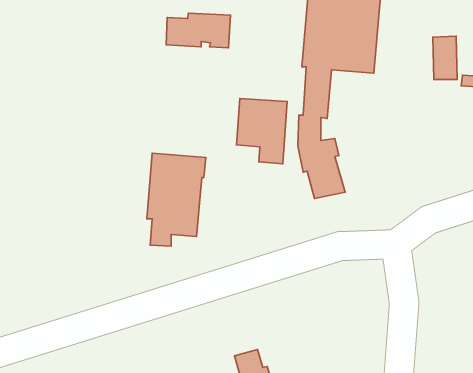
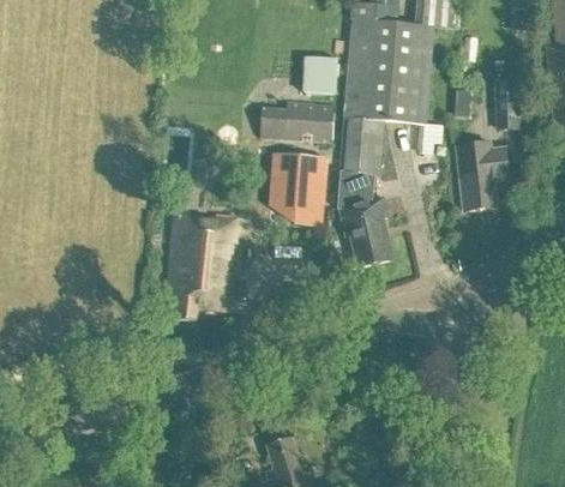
building: [166,13,231,48] -> [260,102,333,142]
building: none -> [303,56,336,94]
building: none -> [457,142,506,210]

